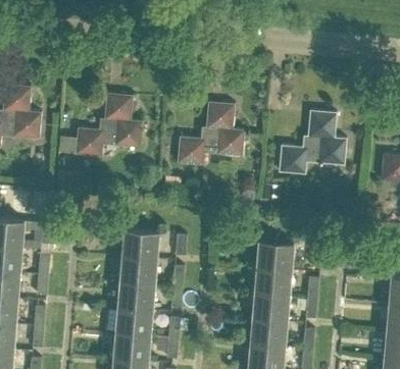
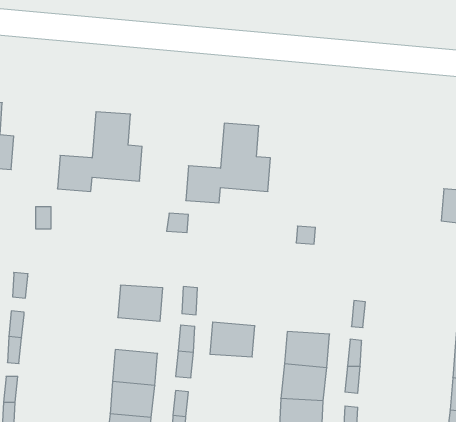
building: [279,111,345,174] -> none
building: [257,243,293,270] -> [210,322,255,357]
building: [120,257,156,285] -> none

